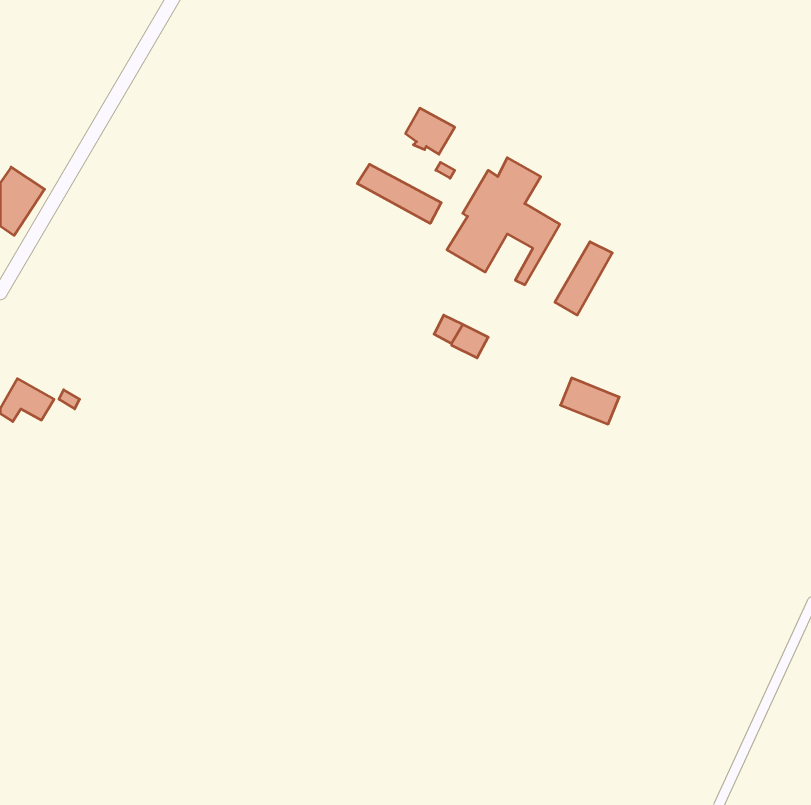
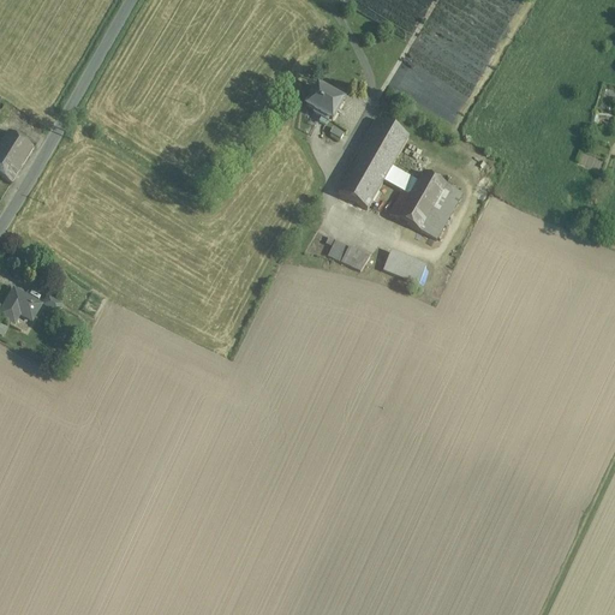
building: [357,164,441,223] -> none
building: none -> [398,169,447,228]
building: [560,378,619,424] -> [382,247,426,282]

